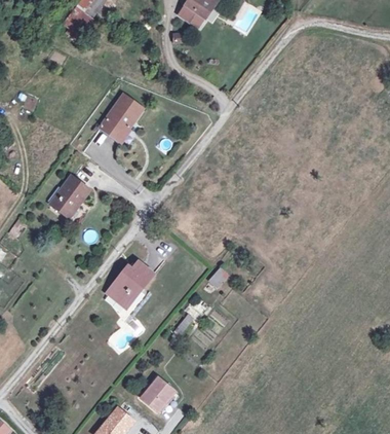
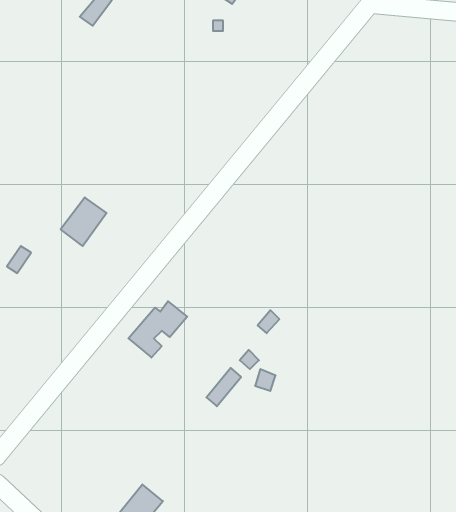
building: [101,95,143,140] -> none
building: [141,377,174,411] -> none

